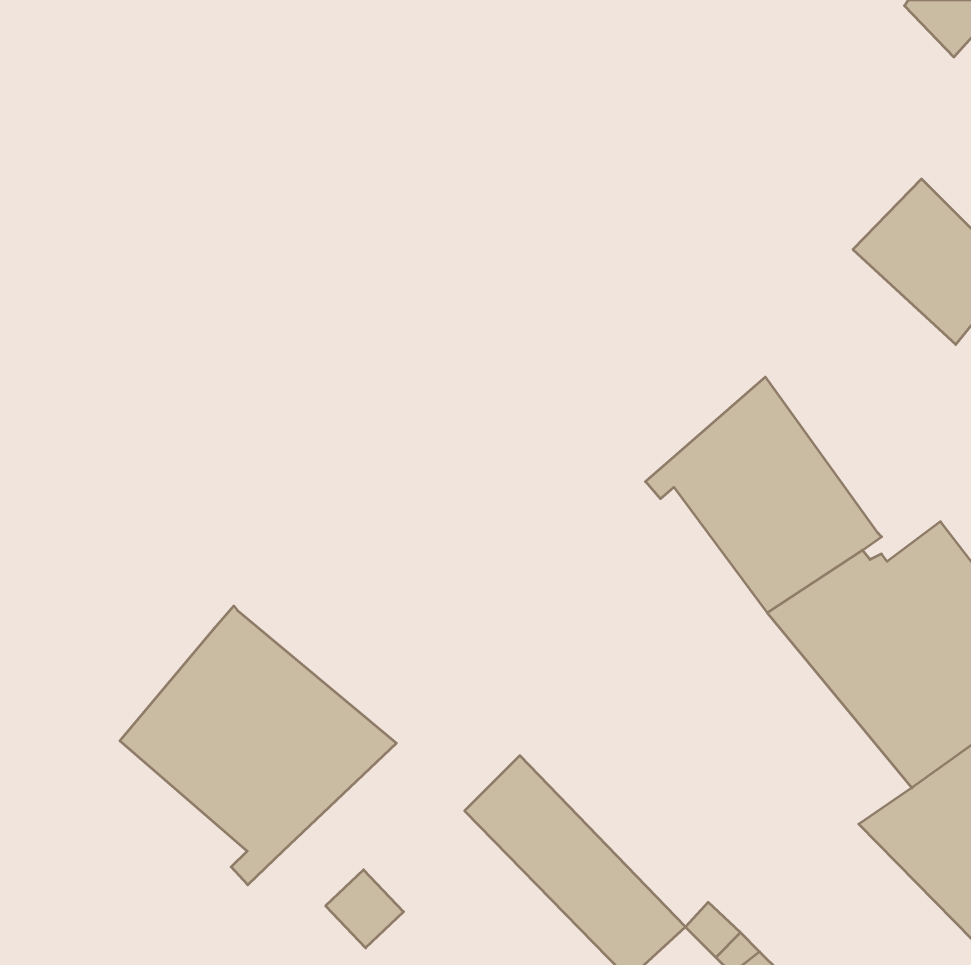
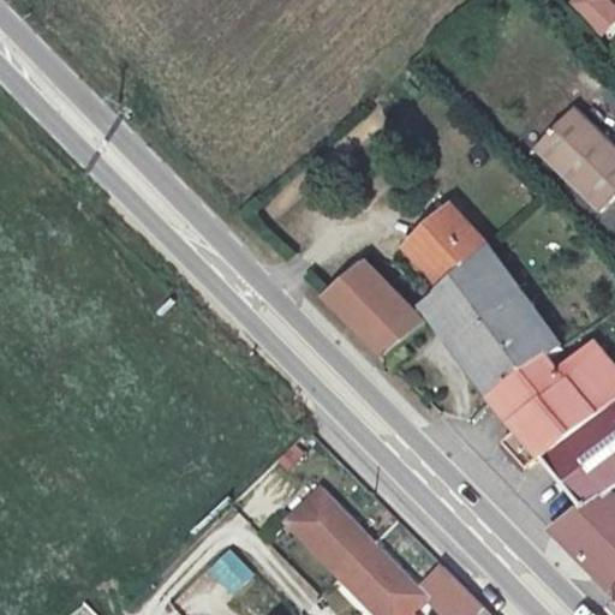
building: none -> [401,203,484,293]
building: none -> [316,258,418,354]
building: [120,606,396,885] -> none

